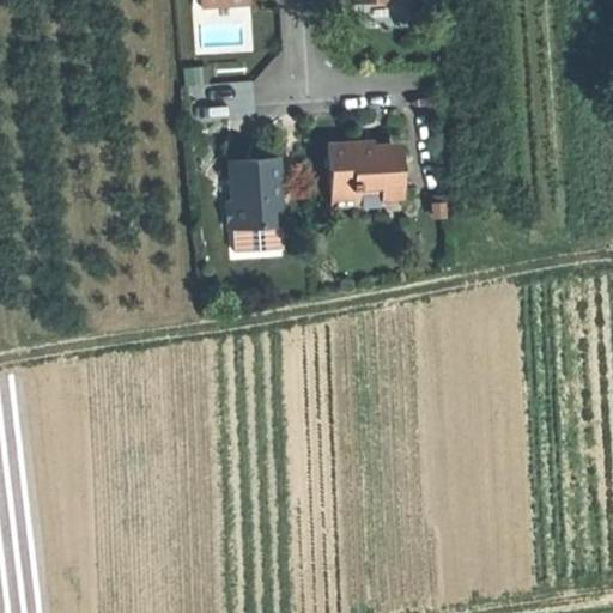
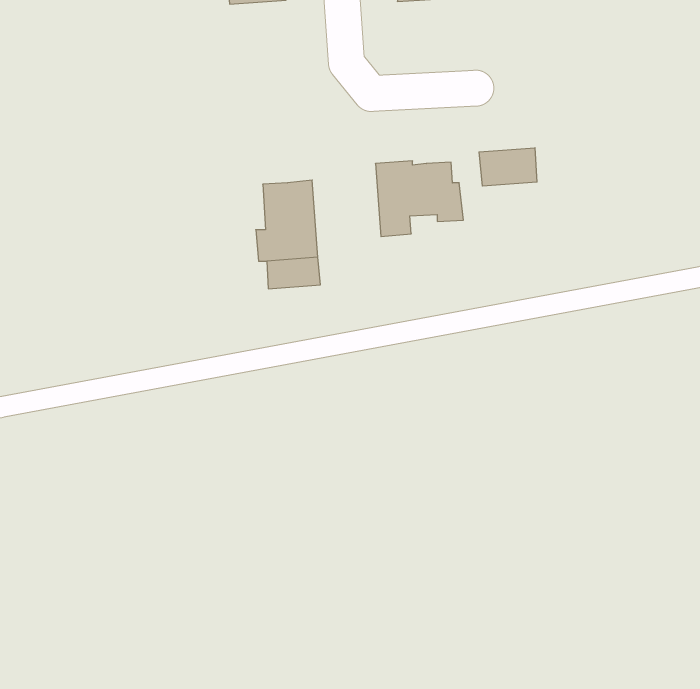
building: none -> [479,148,537,186]

